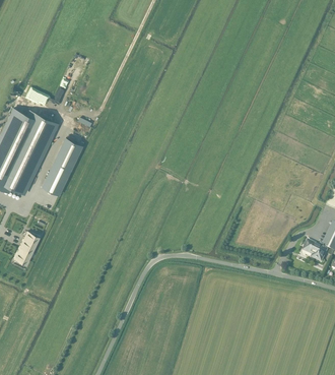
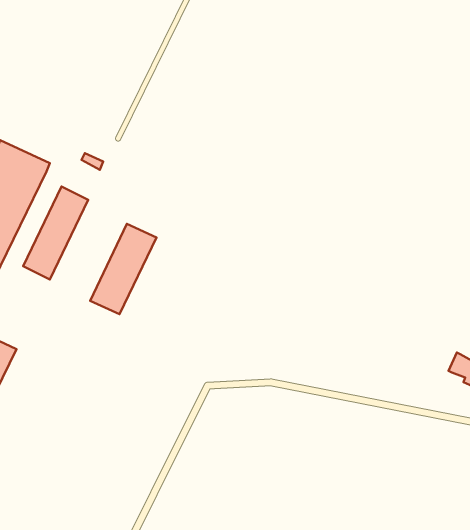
building: none -> [90,224,156,314]

